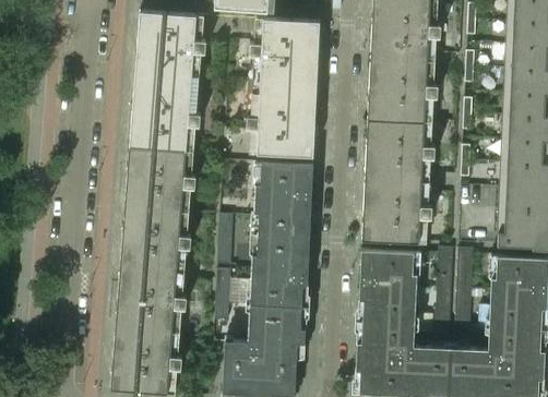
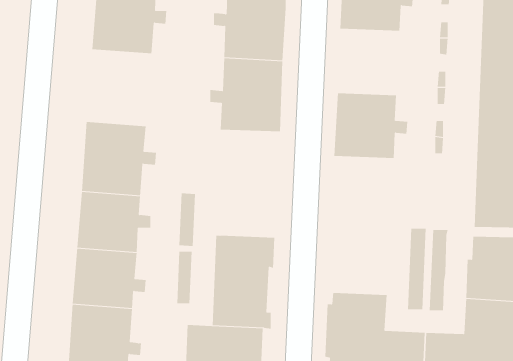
building: [368,59,438,122] -> none
building: [129,79,201,152] -> none
building: [253,163,313,257] -> none
building: [361,180,432,244] -> none
building: [359,250,417,312] -> none

